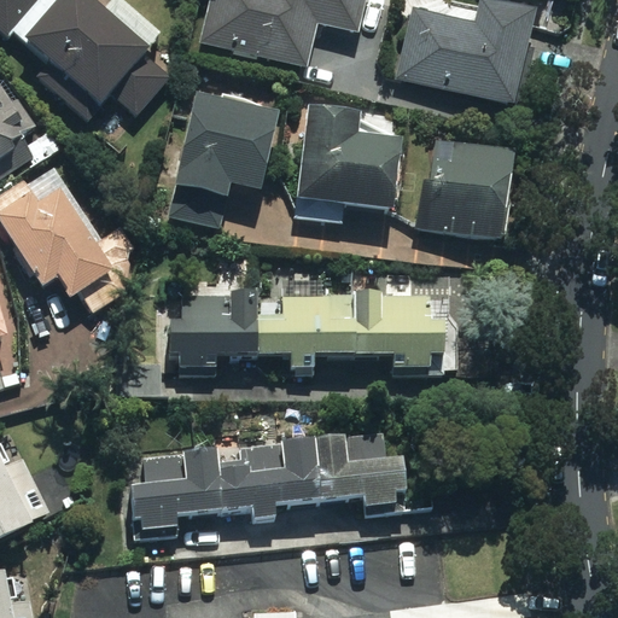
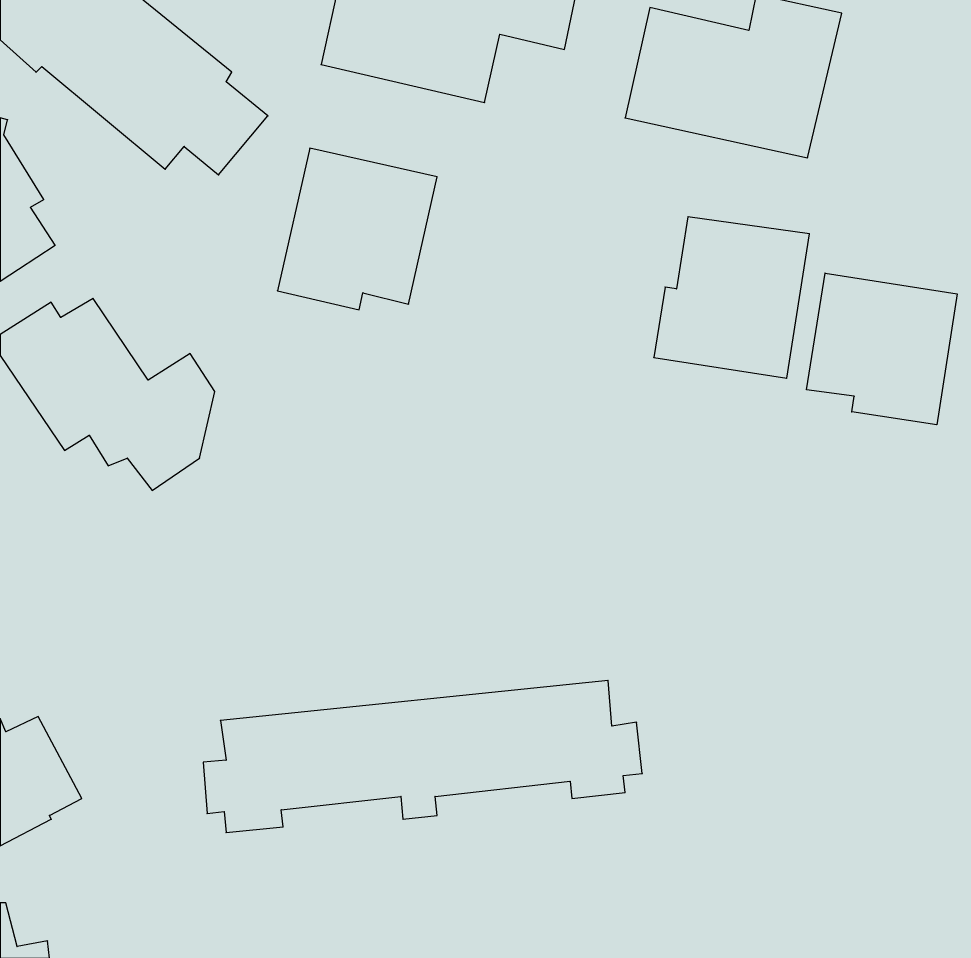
building: [298,106,402,209] -> none
building: none -> [807,273,957,425]
building: [170,292,445,368] -> none

